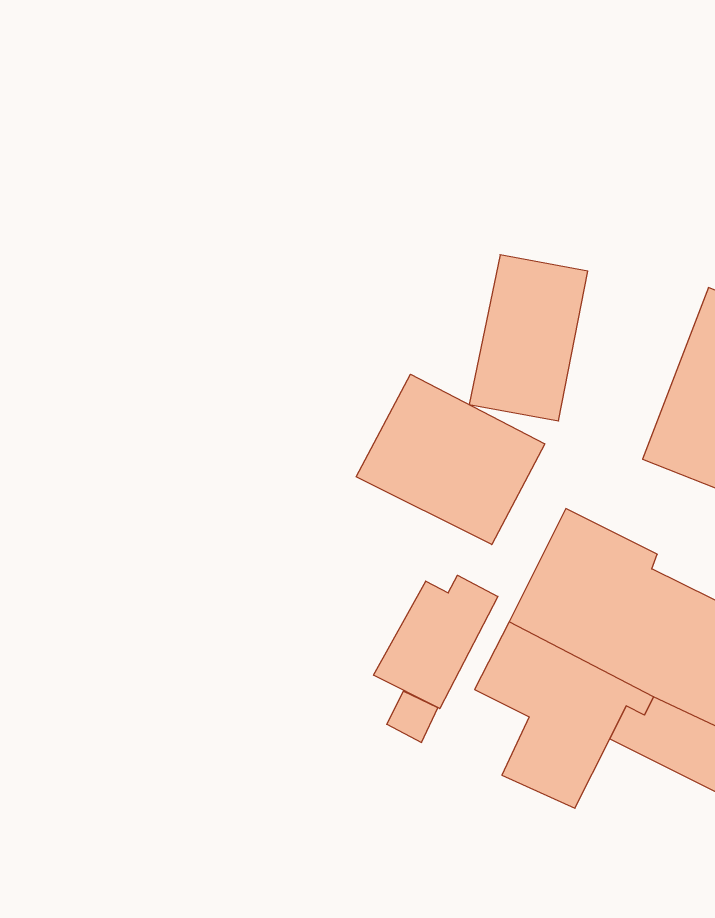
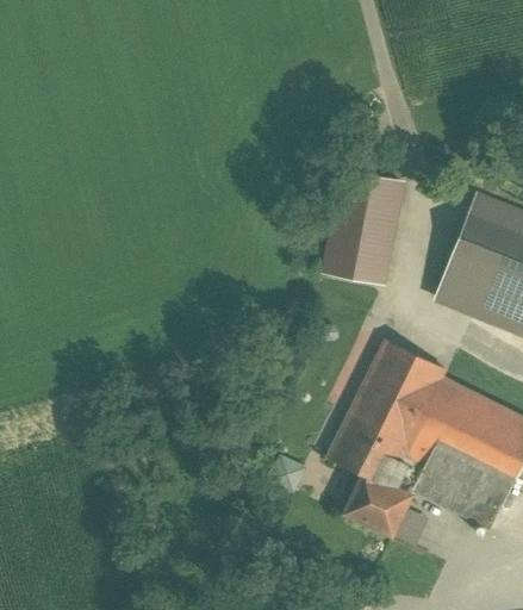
building: [356,374,545,545] -> none
building: [374,575,498,709] -> none

